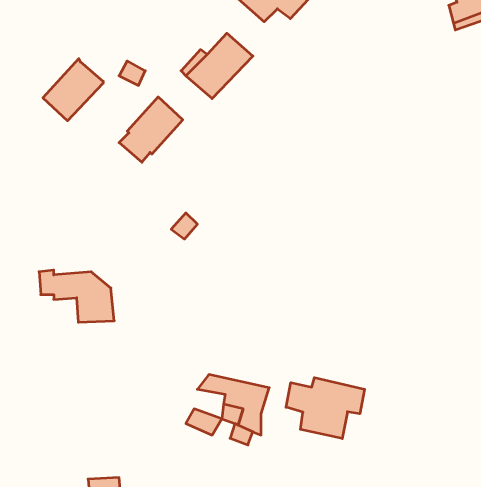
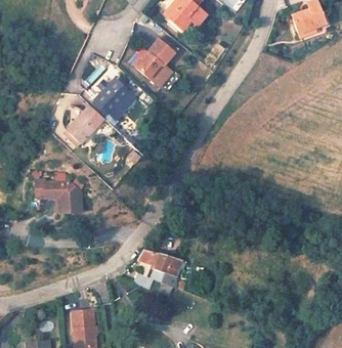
building: [43,59,103,121] -> [68,104,105,143]
building: [286,378,365,439] -> none

